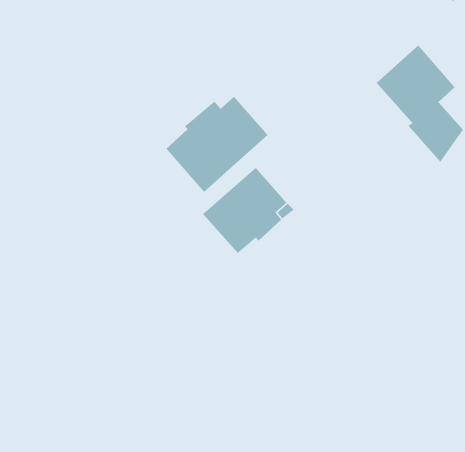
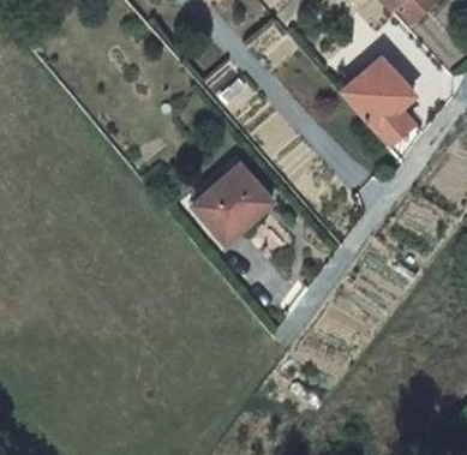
building: [166,96,269,193] -> none

